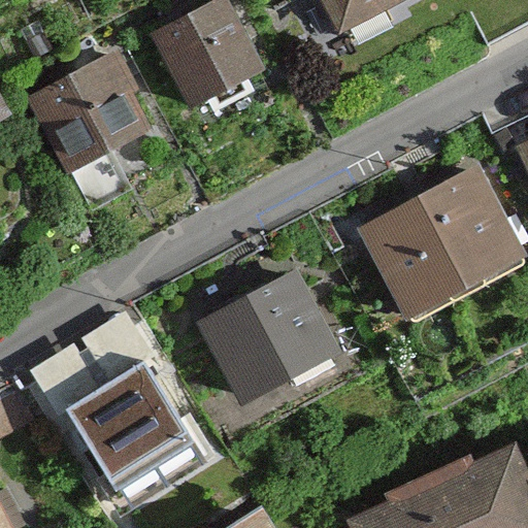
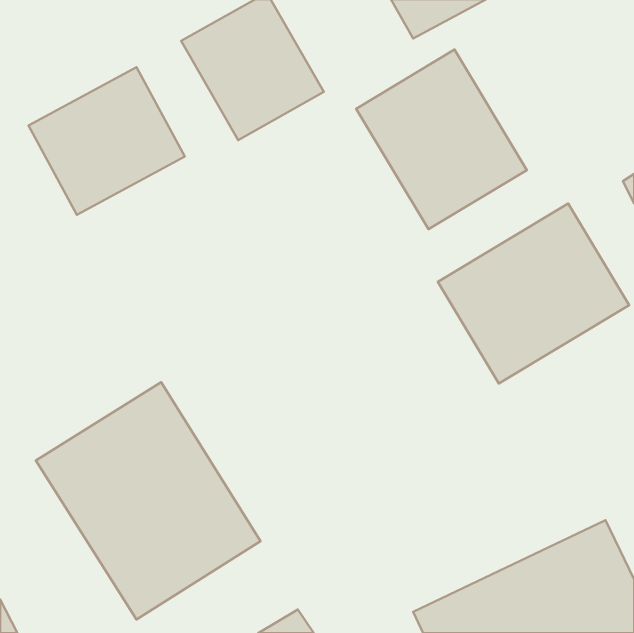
building: none -> [356,49,527,229]
building: [201,272,340,408] -> none

